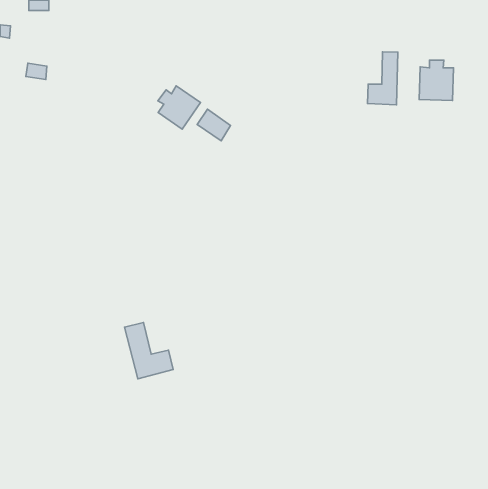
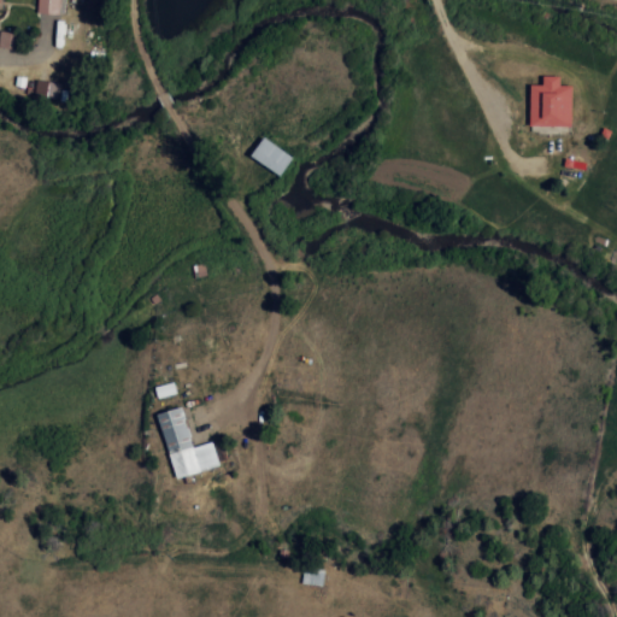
building: [368,52,398,105] -> none
building: [158,86,201,129] -> none

